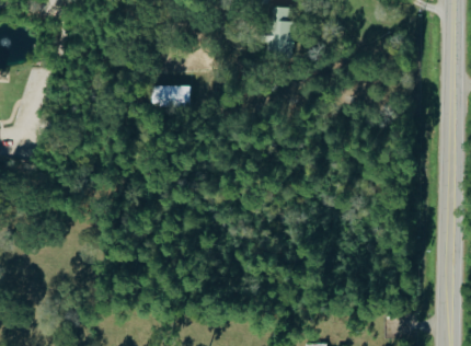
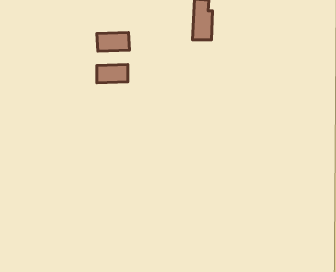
building: none -> [97,32,130,51]

